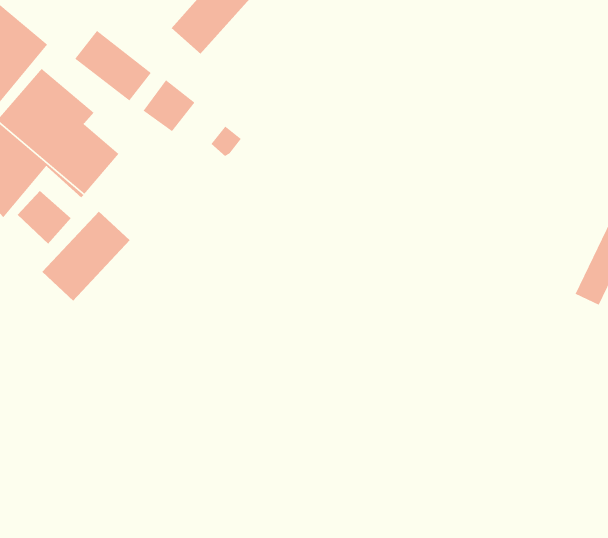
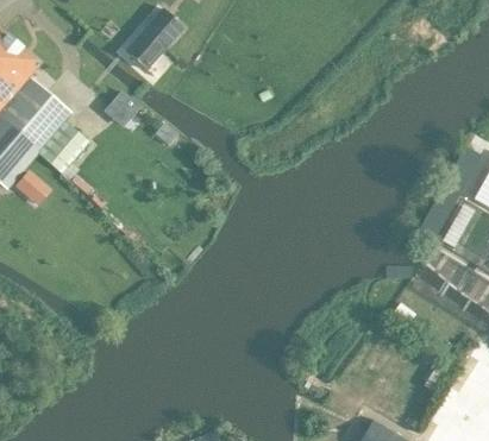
building: [74,30,152,102] -> none
building: [42,211,130,301] -> none

